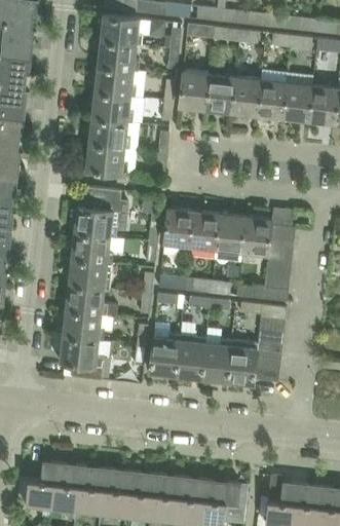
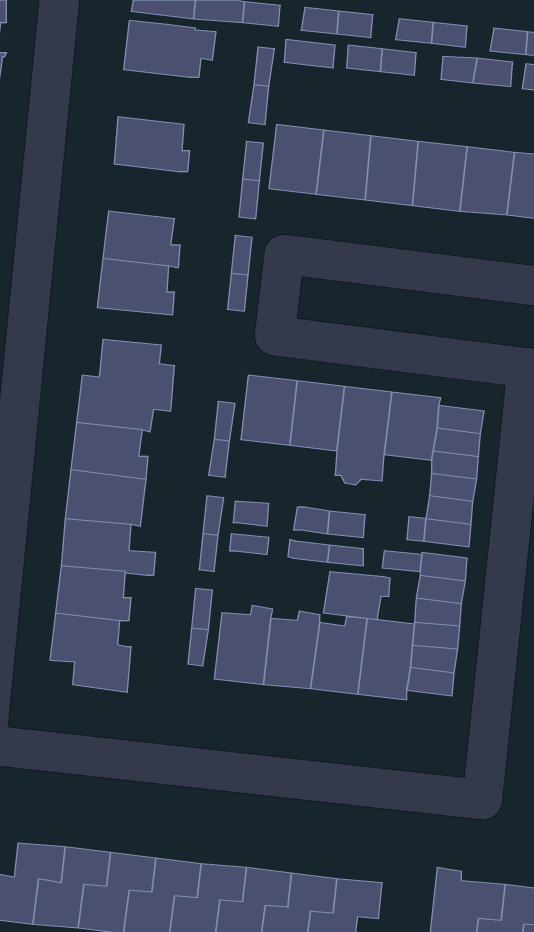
building: [97,41,139,72] -> none
building: [91,92,134,123] -> none
building: none -> [324,571,390,620]

